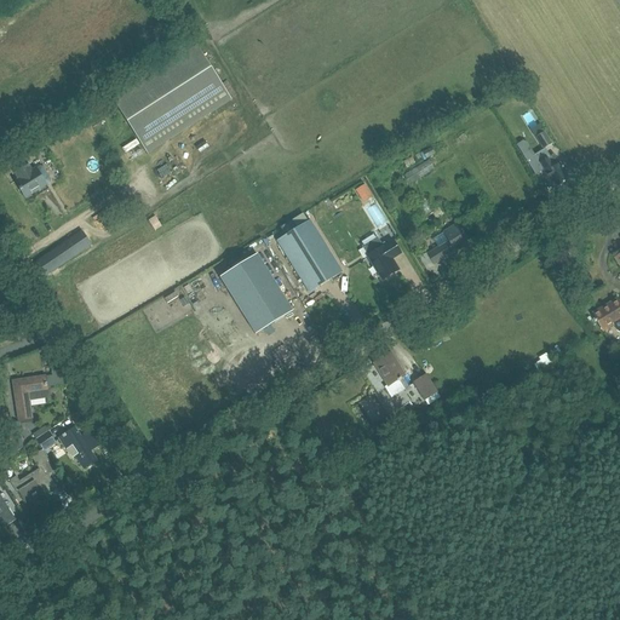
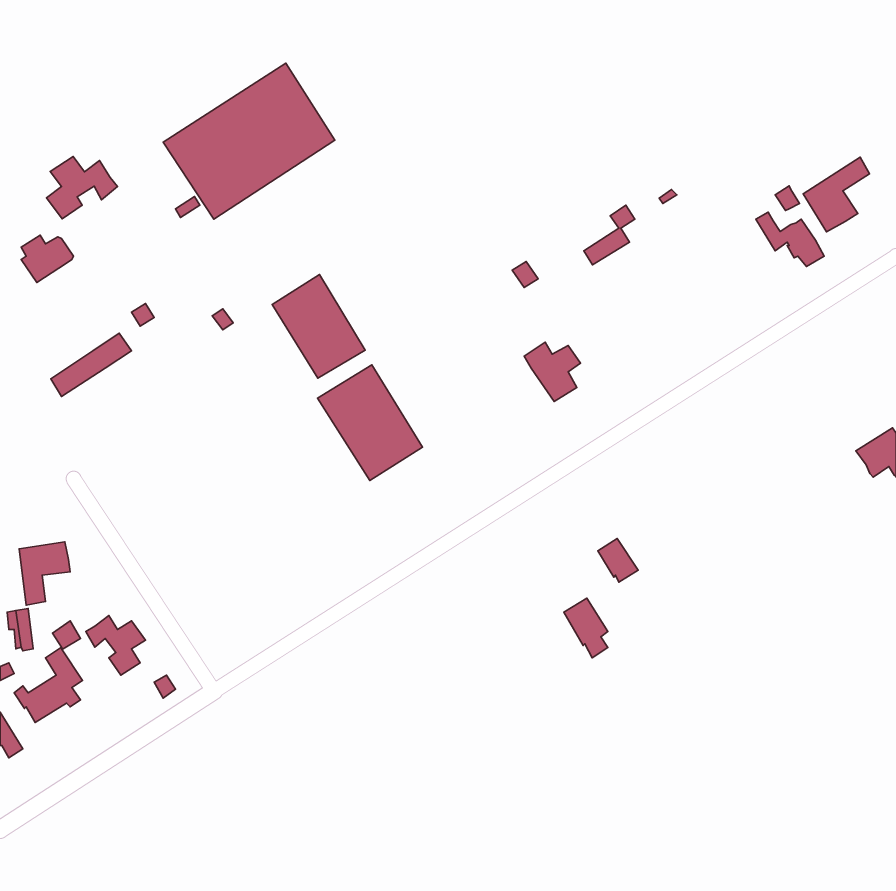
building: none -> [46,157,117,219]
building: none -> [803,157,870,232]
building: [277,218,341,289] -> [272,275,365,378]
building: [426,220,469,262] -> none
building: [374,351,404,392] -> [564,598,608,658]

